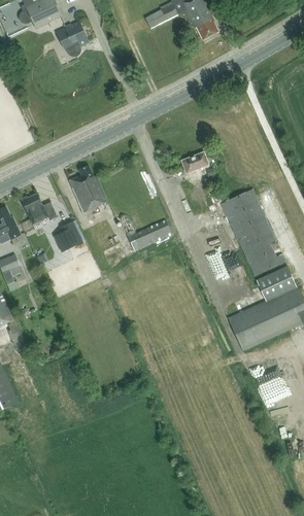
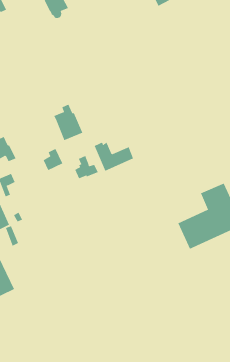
building: [181,151,209,179] -> none
building: [222,190,285,275] -> none
building: [22,193,58,223] -> none
building: none -> [75,155,99,179]

